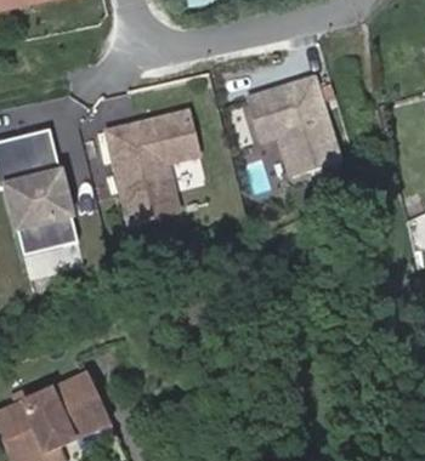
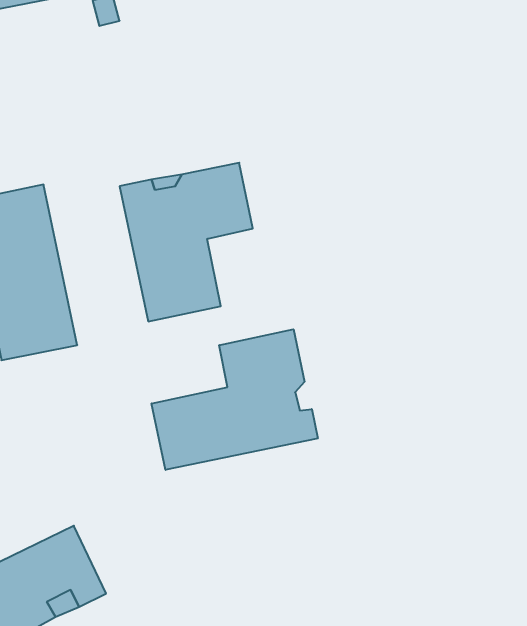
building: [250,96,336,190] -> none
building: none -> [152,329,318,470]

